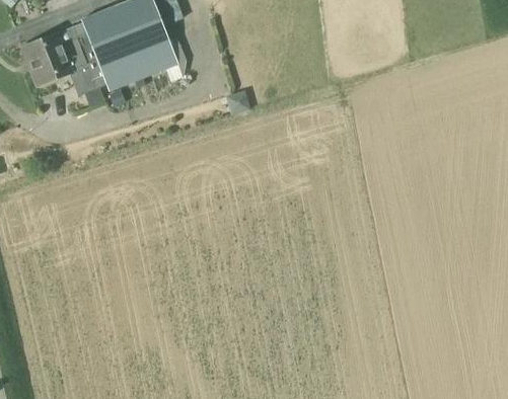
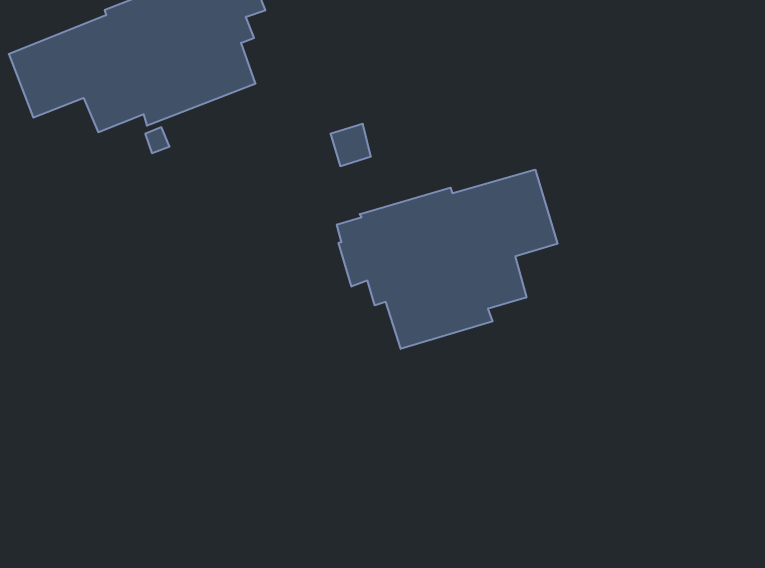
building: none -> [337,170,558,349]

